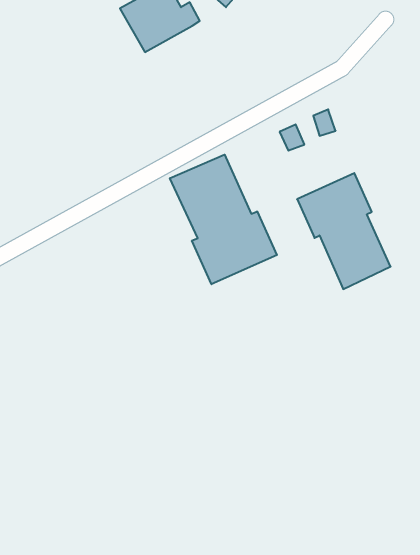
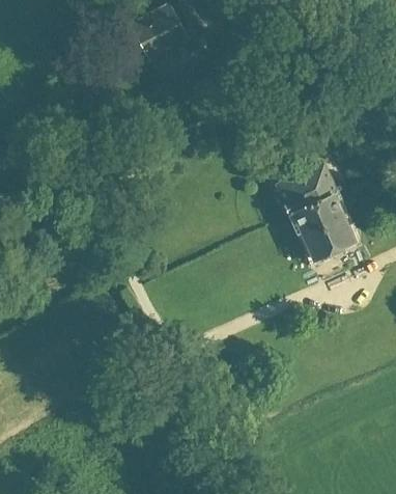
building: [170,155,277,284] -> none

